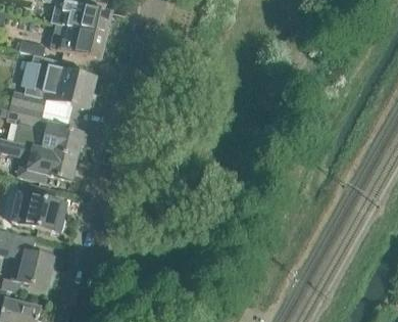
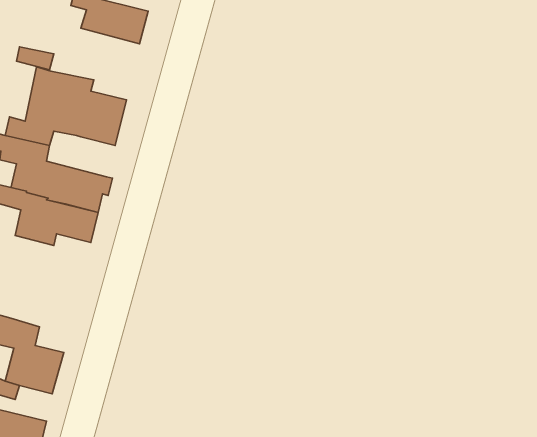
building: [48,26,105,59] -> none
building: [10,182,64,232] -> none

